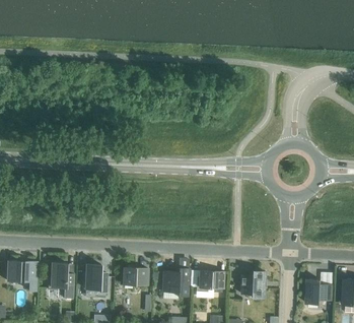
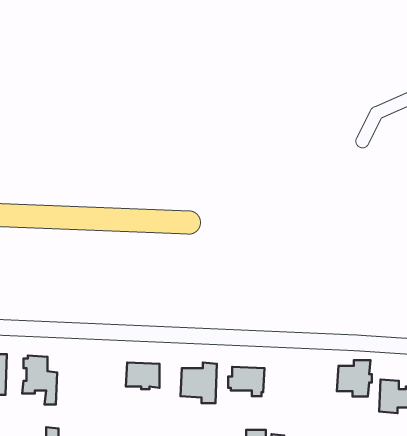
building: [84,264,105,292] -> none
building: [239,271,265,298] -> [337,360,372,397]

